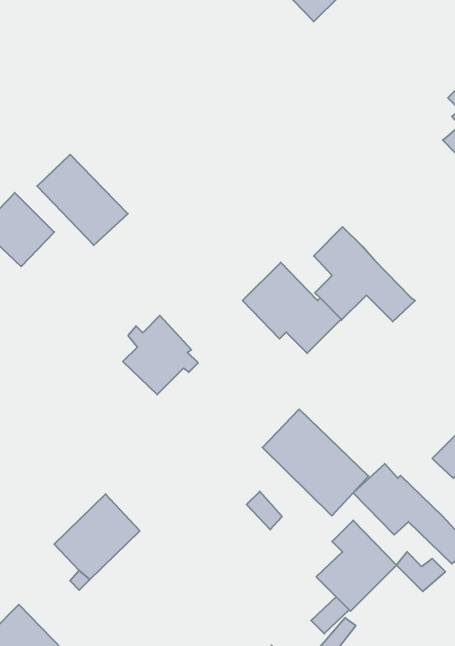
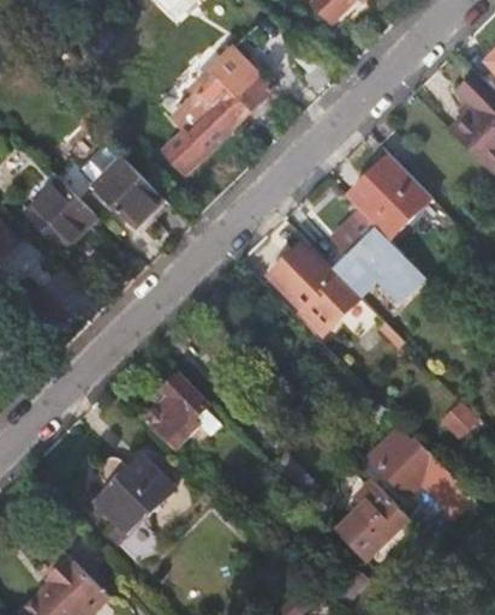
building: none -> [165,47,272,173]
building: none -> [344,155,431,241]
building: [123,316,198,395] -> [143,375,211,447]
building: [262,409,369,516] -> none

